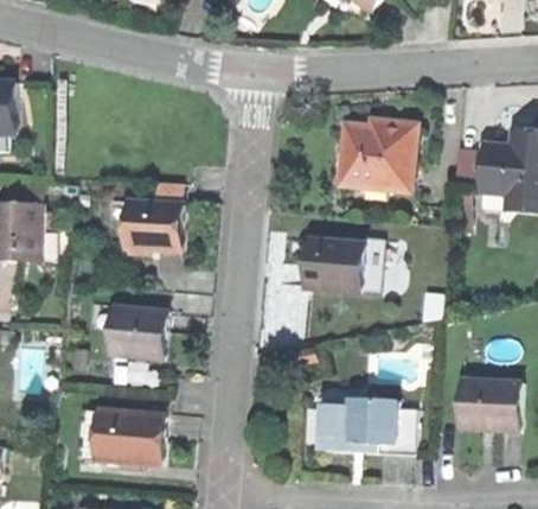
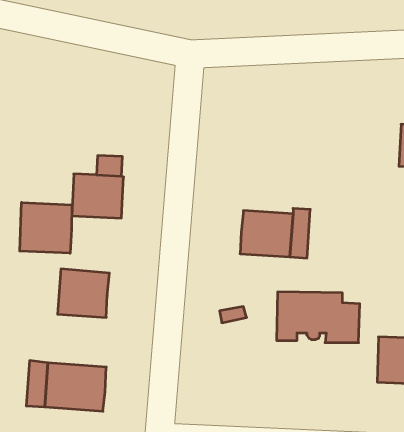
building: [341,121,415,189] -> none
building: none -> [20,202,72,253]
building: [325,399,416,454] -> [277,292,360,343]

